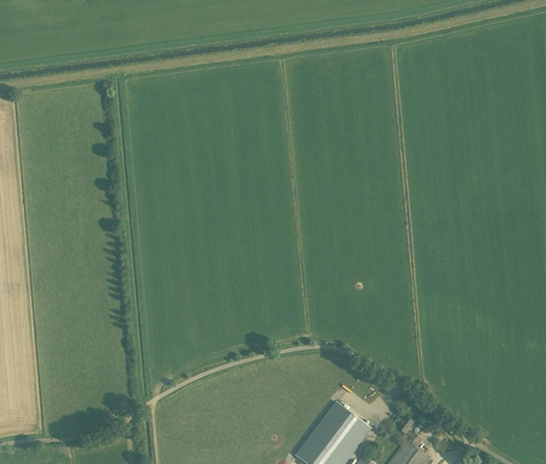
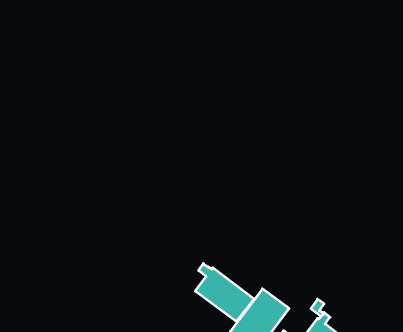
building: none -> [195,263,254,321]

